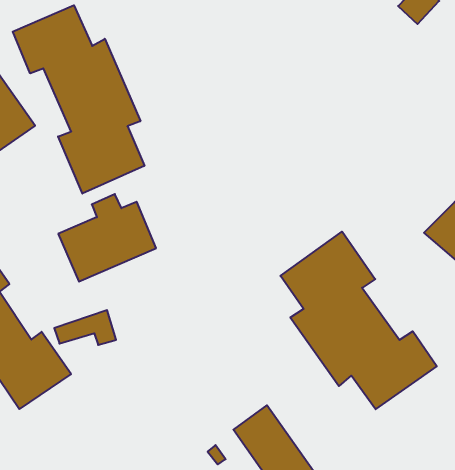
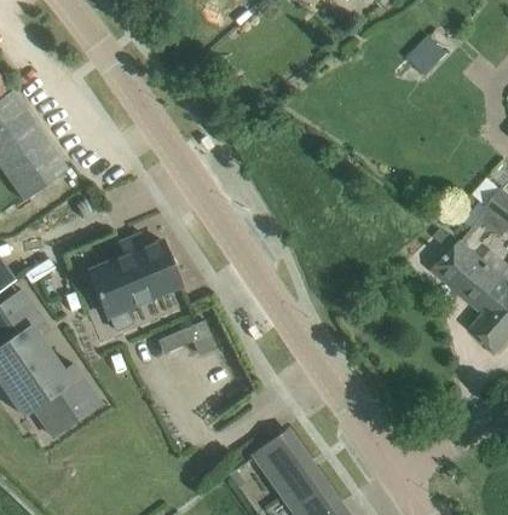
building: [13,5,144,194] -> none
building: [280,232,437,409] -> none
building: [54,310,116,345] -> [158,319,217,352]

